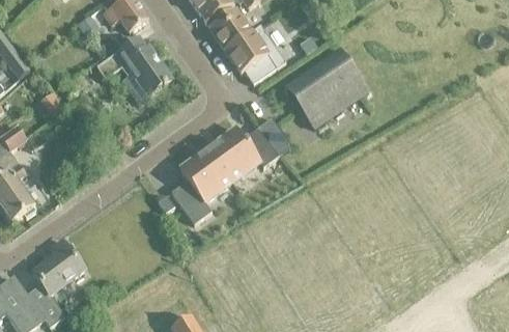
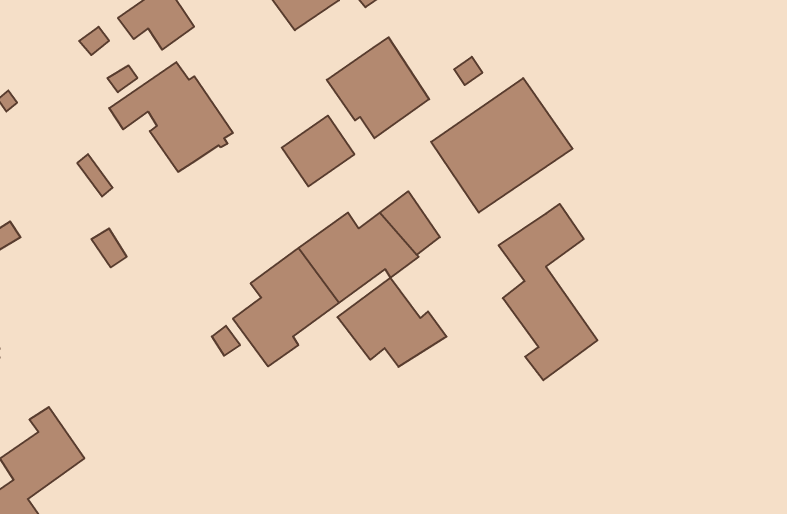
building: [208,8,251,50] -> [282,116,354,186]
building: none -> [499,204,597,380]
building: none -> [337,278,447,367]

